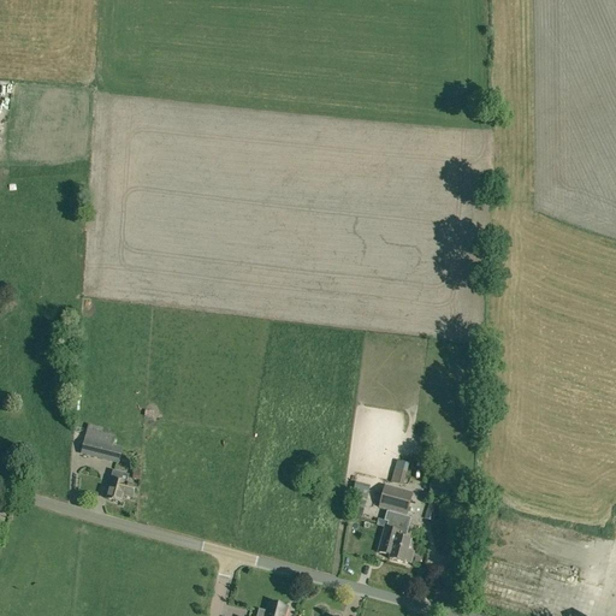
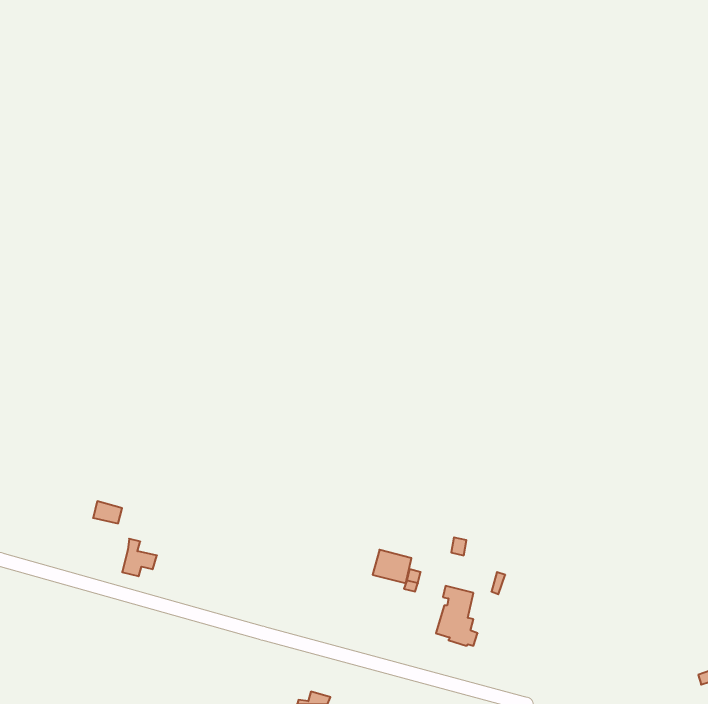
building: [379,482,413,511] -> [373,550,411,583]

